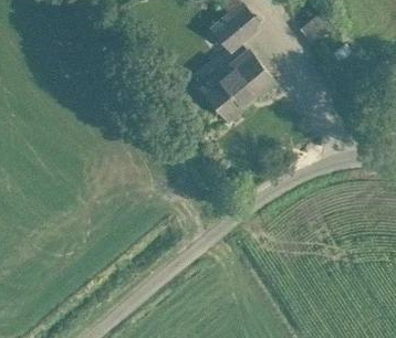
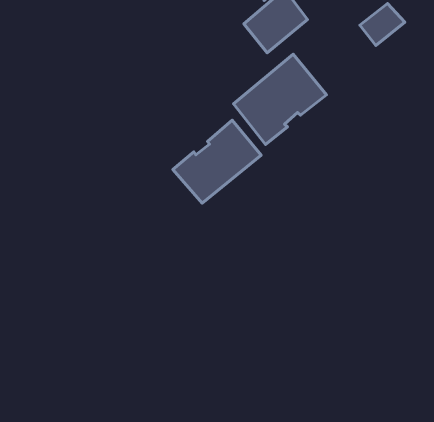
building: none -> [173,120,261,203]

